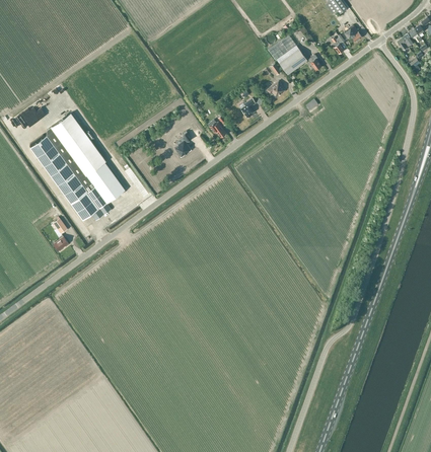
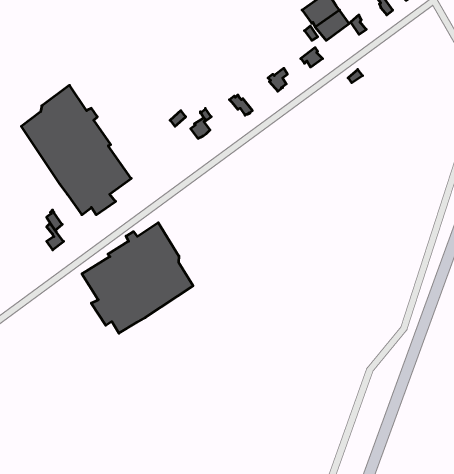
building: none -> [82,223,193,333]

